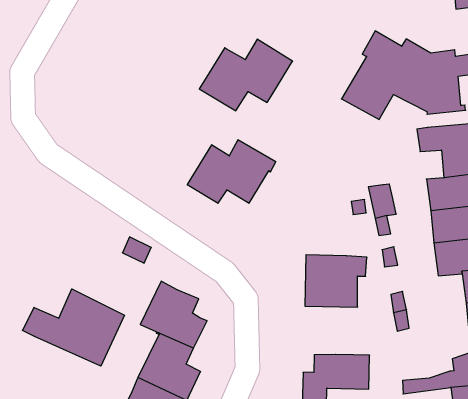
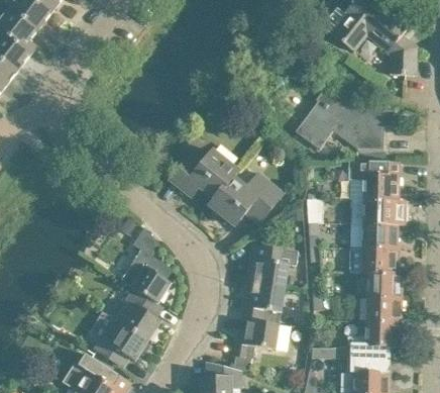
building: [199,39,293,111] -> [210,174,283,225]
building: [22,289,125,366] -> none
building: none -> [240,282,286,323]

